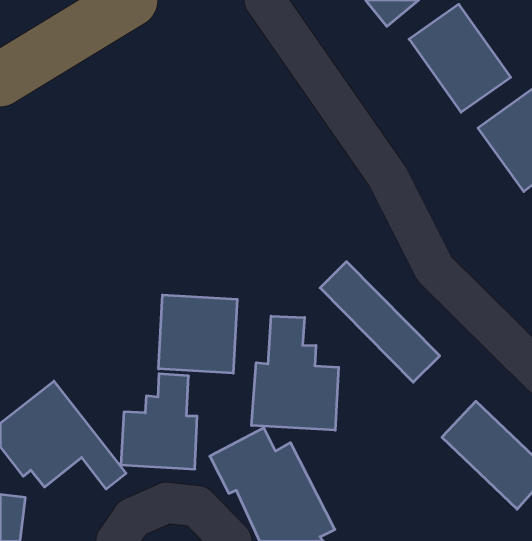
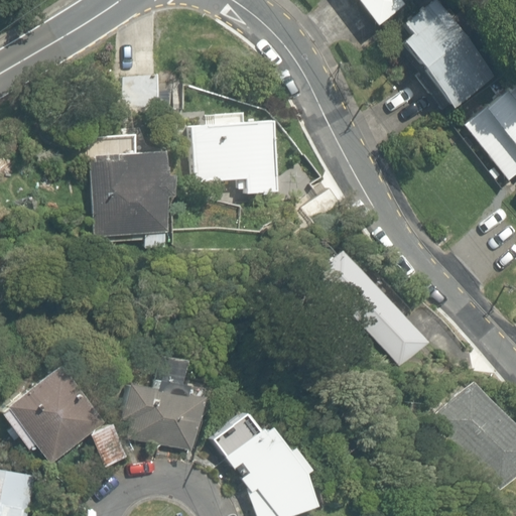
building: none -> [192,119,287,198]
building: none -> [92,149,183,248]
building: [159,295,237,373] -> none
building: [252,316,339,430] -> none

